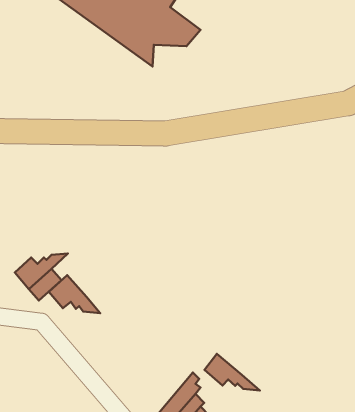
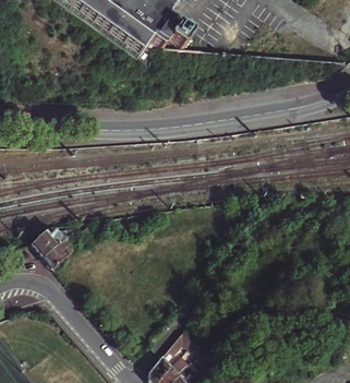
building: [49,275,100,313] -> none
building: [204,354,260,391] -> none

